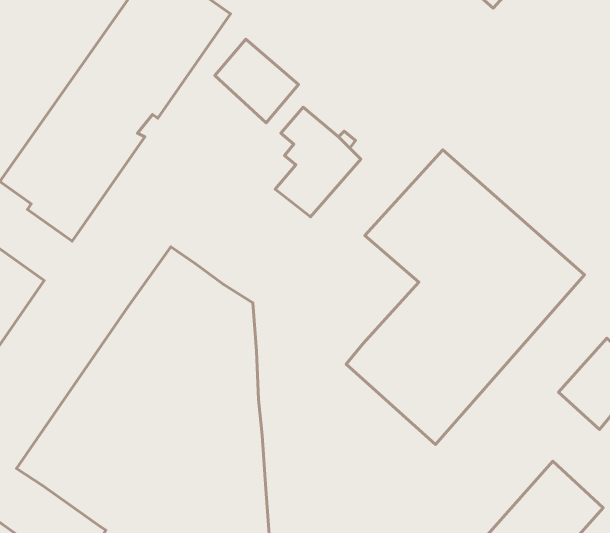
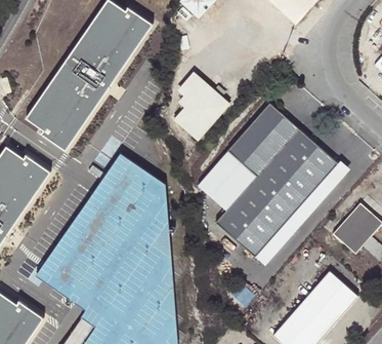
building: [215,39,299,123] -> none
building: none -> [197,147,256,206]

